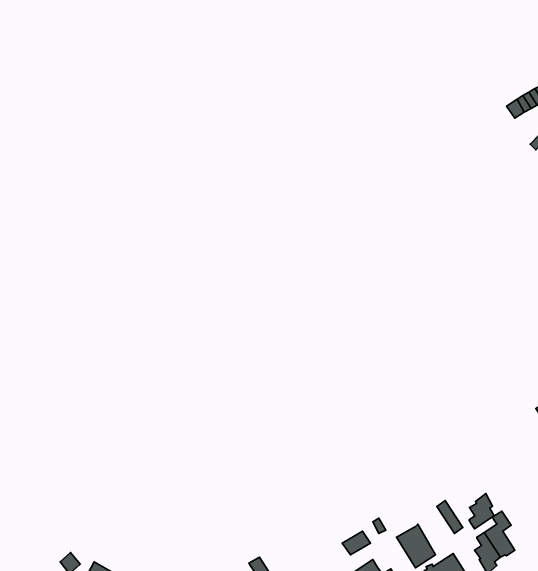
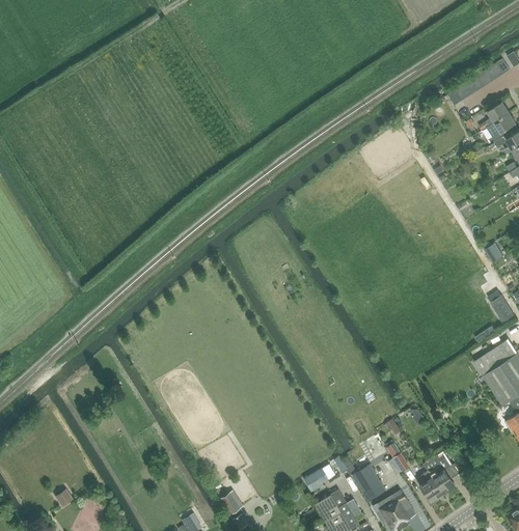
building: [469,494,494,529] -> none

